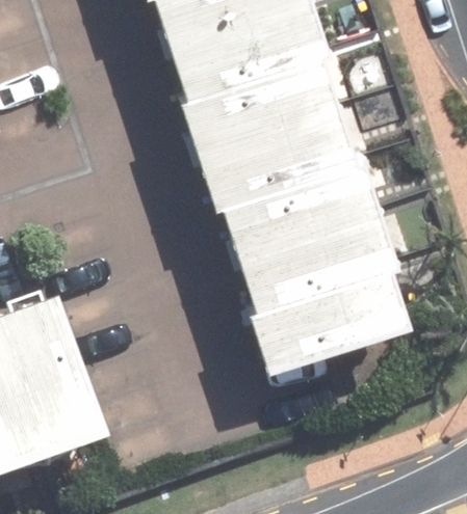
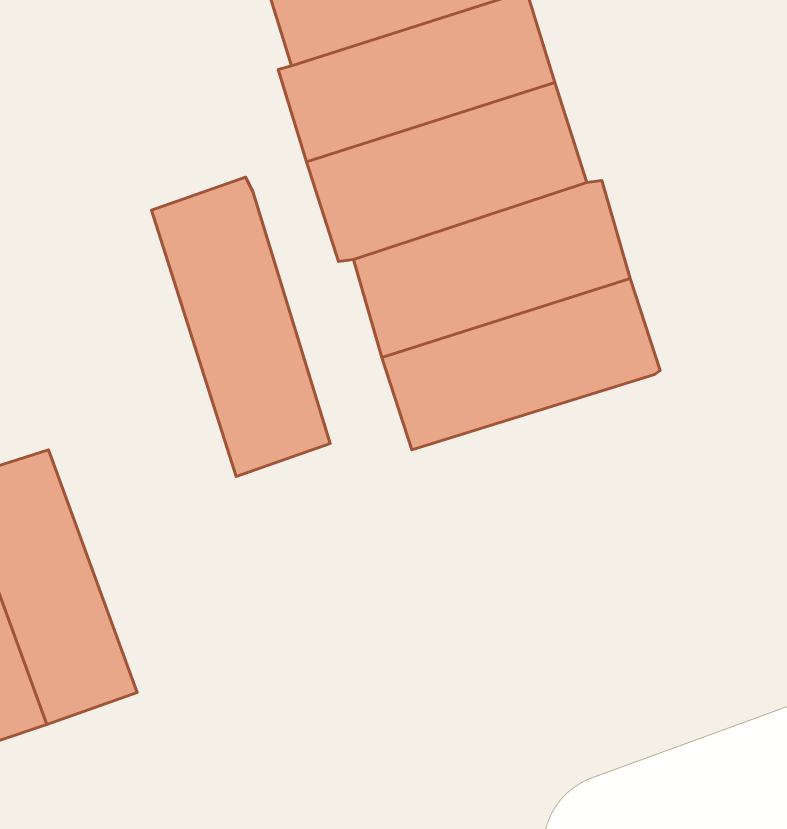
building: none -> [152,177,330,476]
building: [239,252,398,351] -> none

